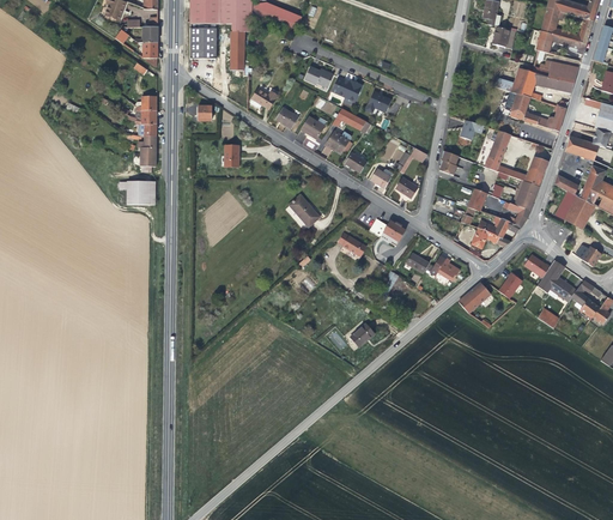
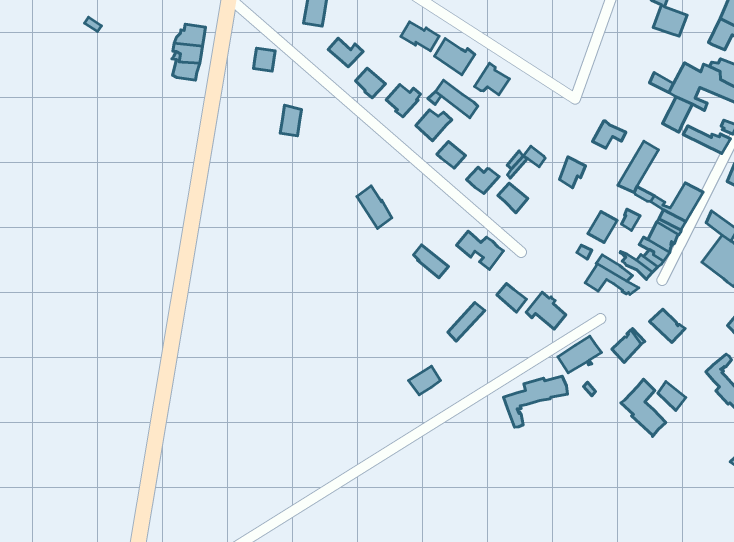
building: [138,137,156,173] -> none
building: [117,181,156,205] -> none
building: [540,260,576,302] -> [621,379,666,437]
building: none -> [504,376,567,427]

